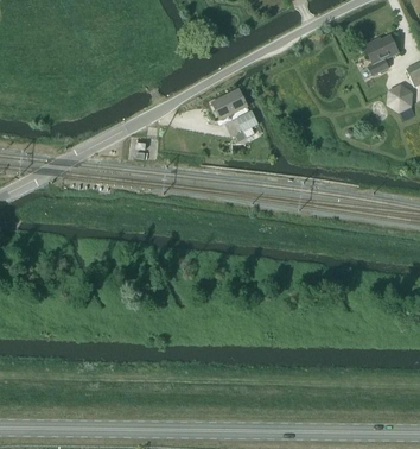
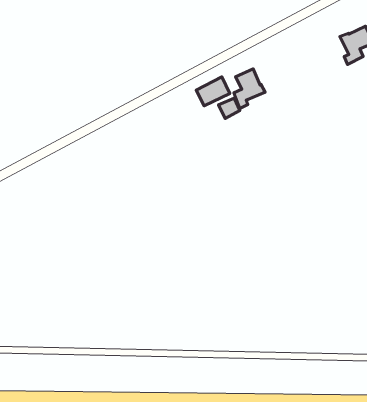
building: none -> [234,69,265,108]

